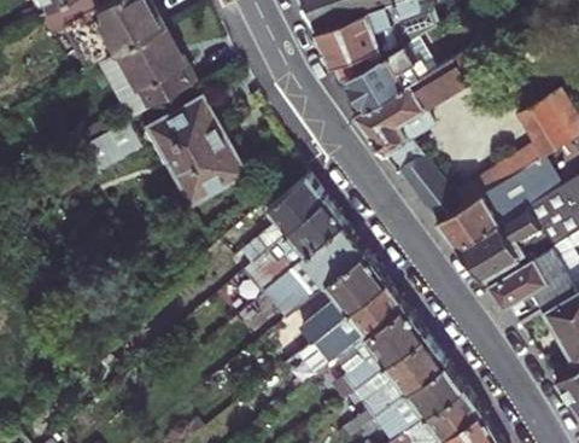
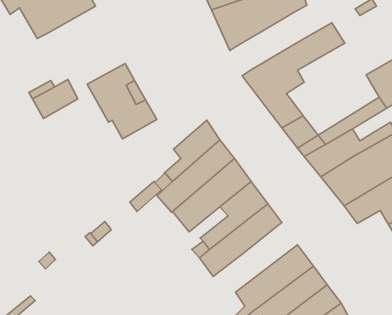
building: [99,27,194,121] -> none
building: [345,37,434,110] -> none
building: [320,308,426,407] -> none

